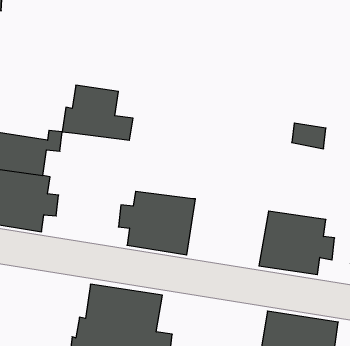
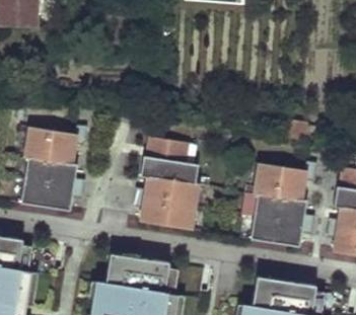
building: [62,85,133,140] -> [140,137,199,182]
building: none -> [256,161,316,199]

